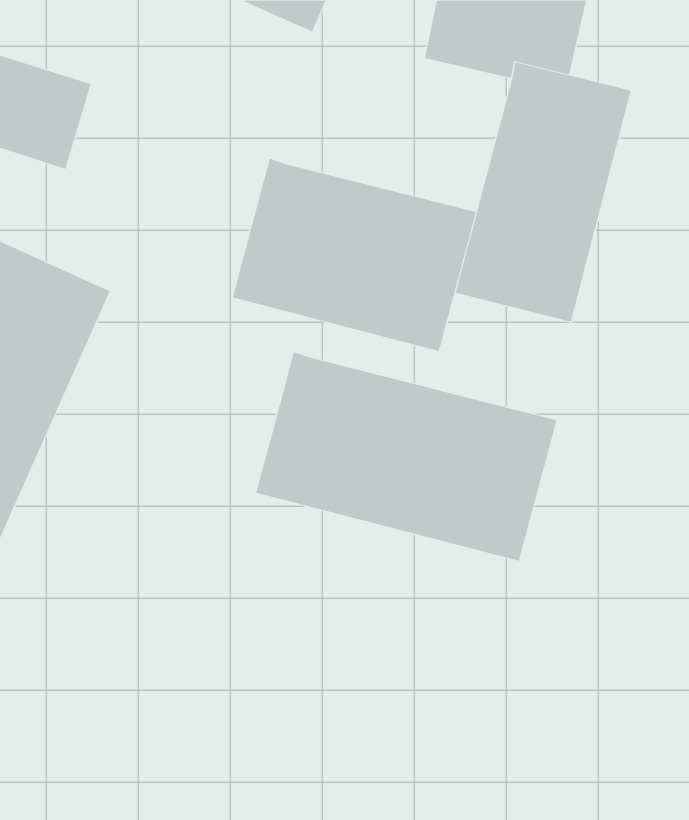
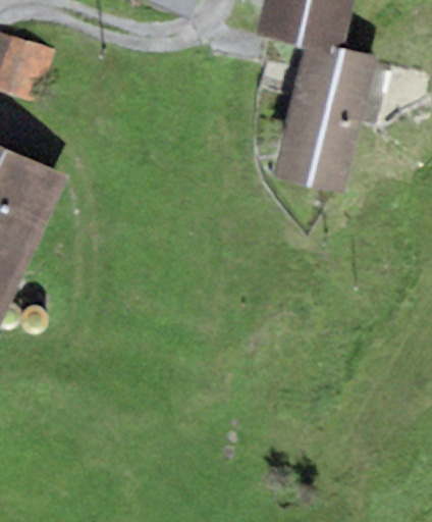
building: [232,158,476,352] -> none
building: [256,351,557,562] -> none

